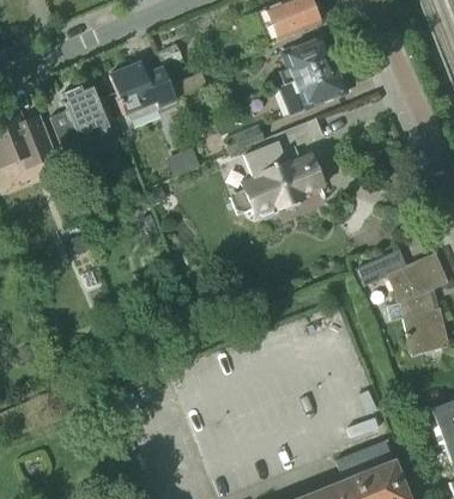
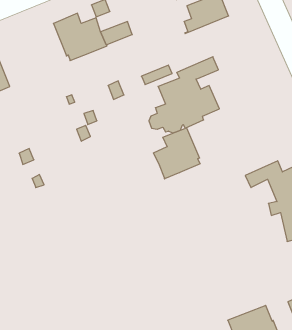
building: [279,66,347,116] -> none
building: [49,84,110,151] -> none
building: none -> [153,128,200,179]

